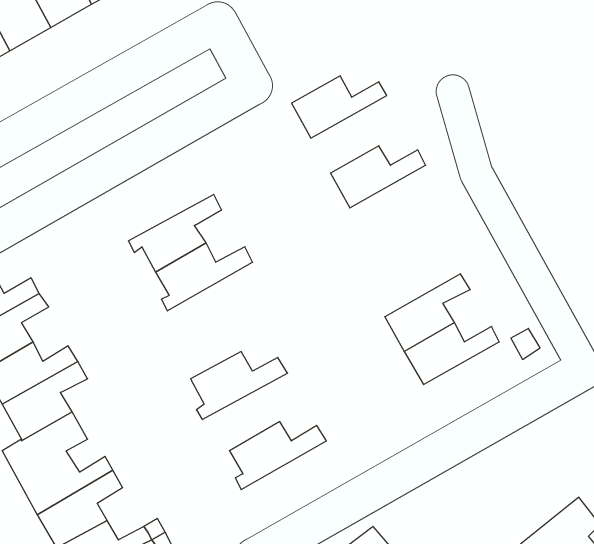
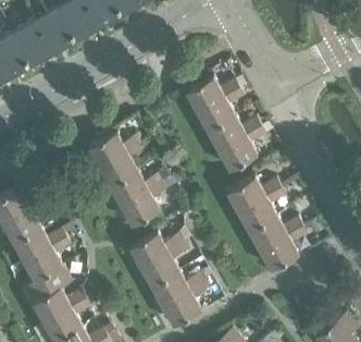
building: none -> [197,88,245,132]
building: none -> [219,127,265,171]
building: none -> [88,132,142,170]
building: none -> [226,176,281,212]
building: none -> [116,182,170,227]
building: none -> [260,227,307,271]
building: none -> [136,244,188,288]
building: none -> [158,282,210,327]

